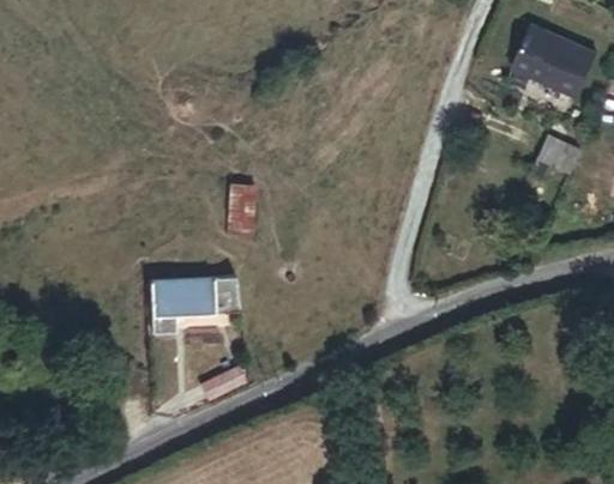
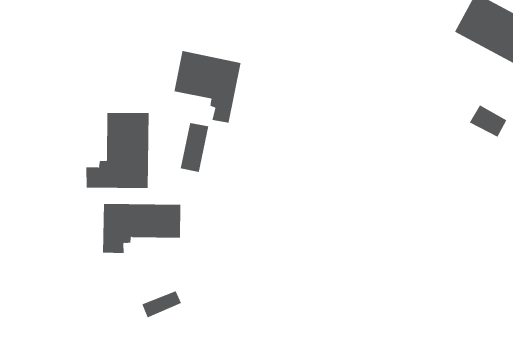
building: none -> [174,50,241,123]
building: none -> [86,112,149,189]

